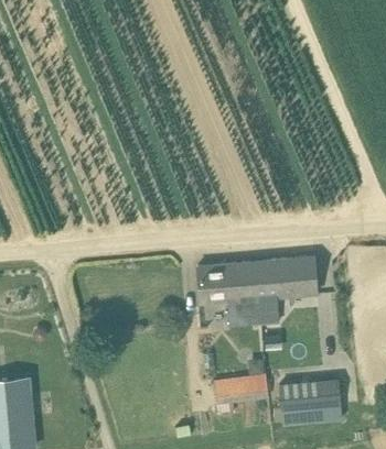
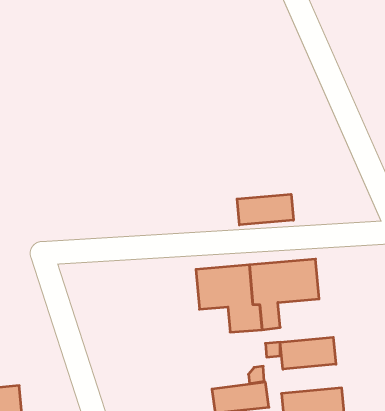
building: none -> [237,194,293,225]
building: none -> [280,337,336,369]

